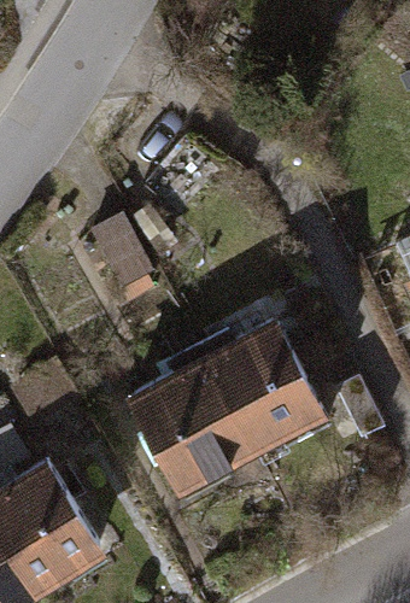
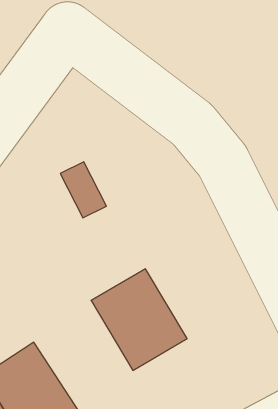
building: [197,316,323,452] -> none

